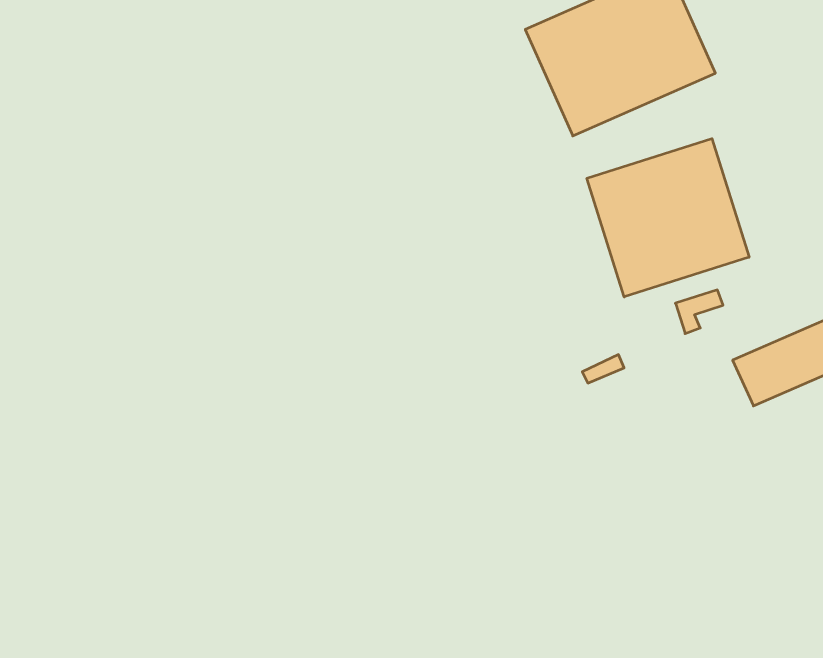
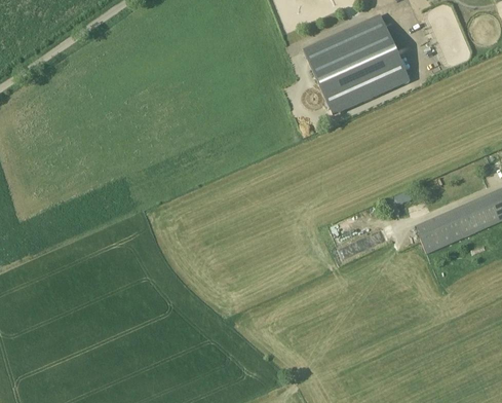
building: [587,139,749,297] -> none

